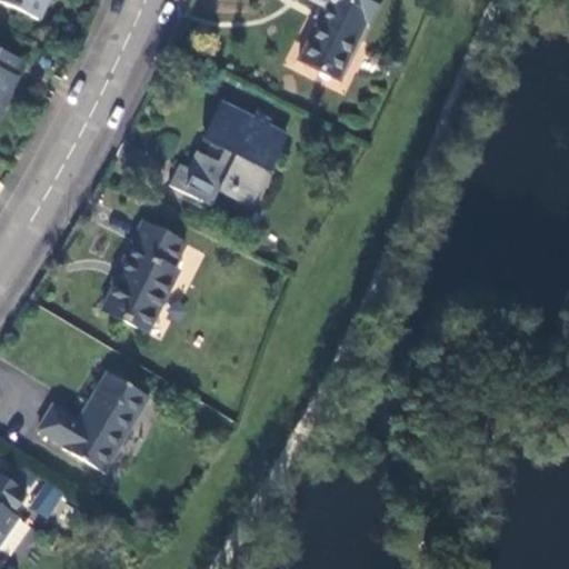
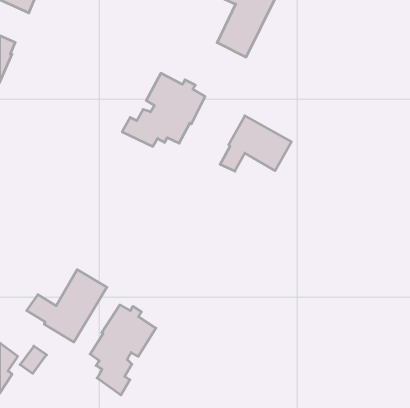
building: none -> [220,116,291,171]
building: [103,222,188,333] -> none
building: none -> [90,305,156,395]

